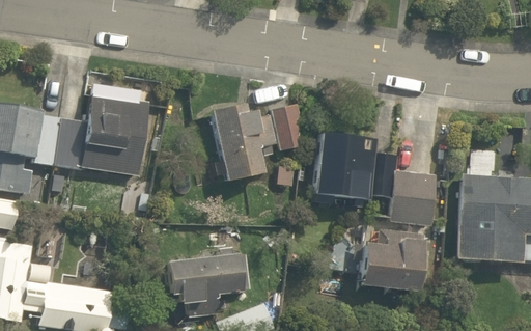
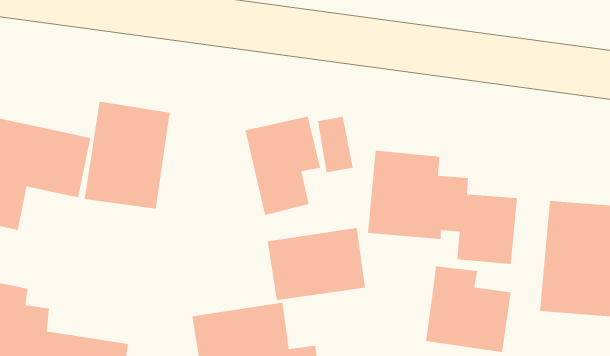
building: none -> [267,227,365,301]

